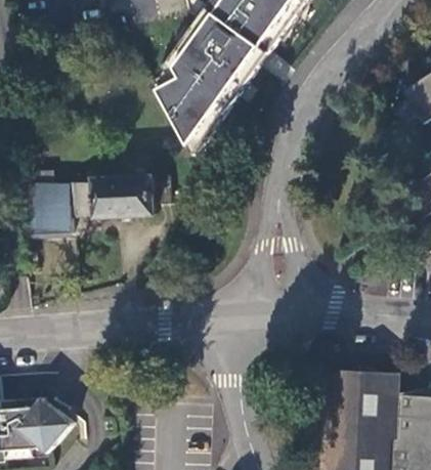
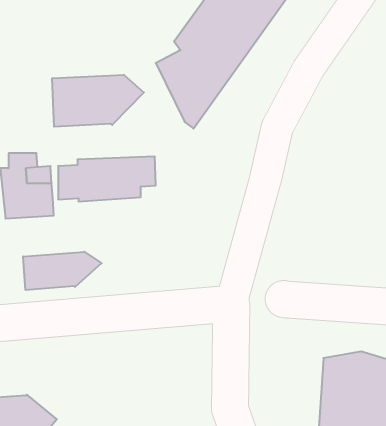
building: none -> [52,75,144,127]
building: none -> [23,252,102,290]

